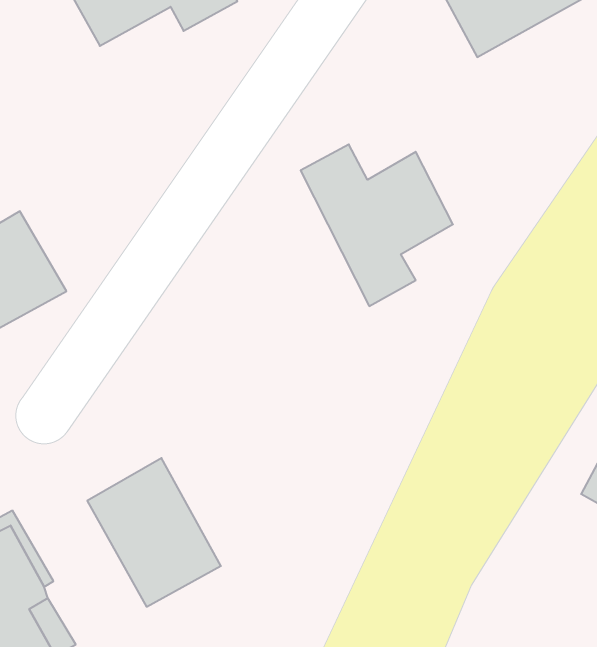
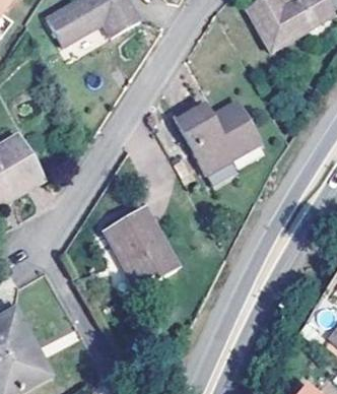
building: [87,458,221,607] -> [103,207,176,288]

